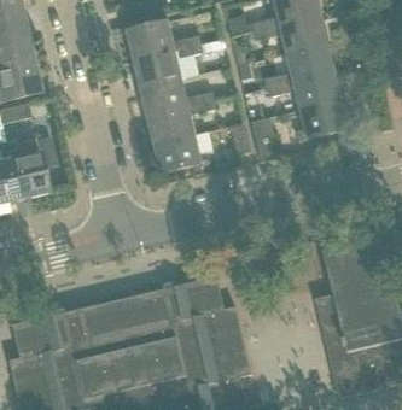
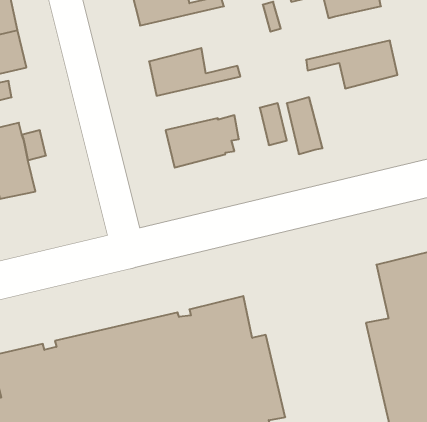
building: [133,41,203,86] -> none
building: [264,41,334,84] -> none
building: [296,96,348,136] -> none
building: [146,98,216,141] -> none

